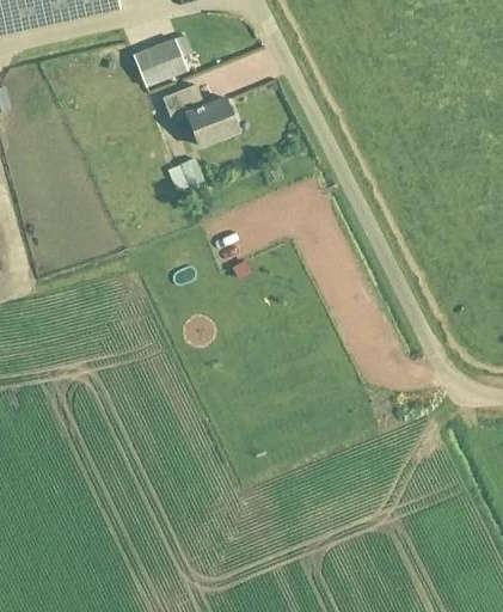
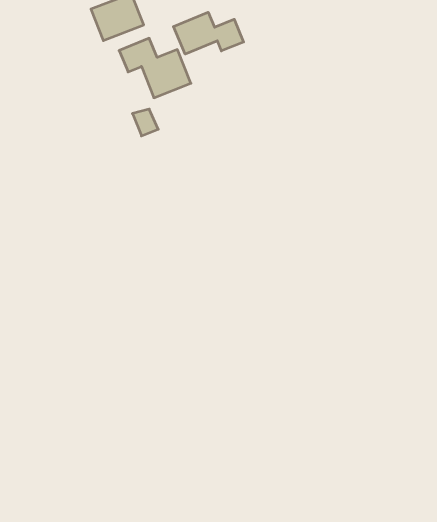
building: none -> [173,12,244,54]

